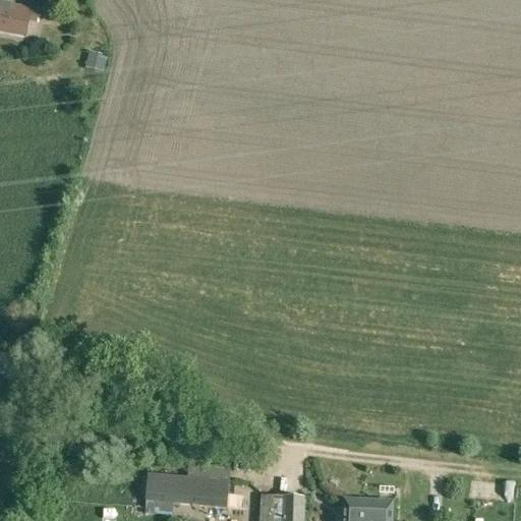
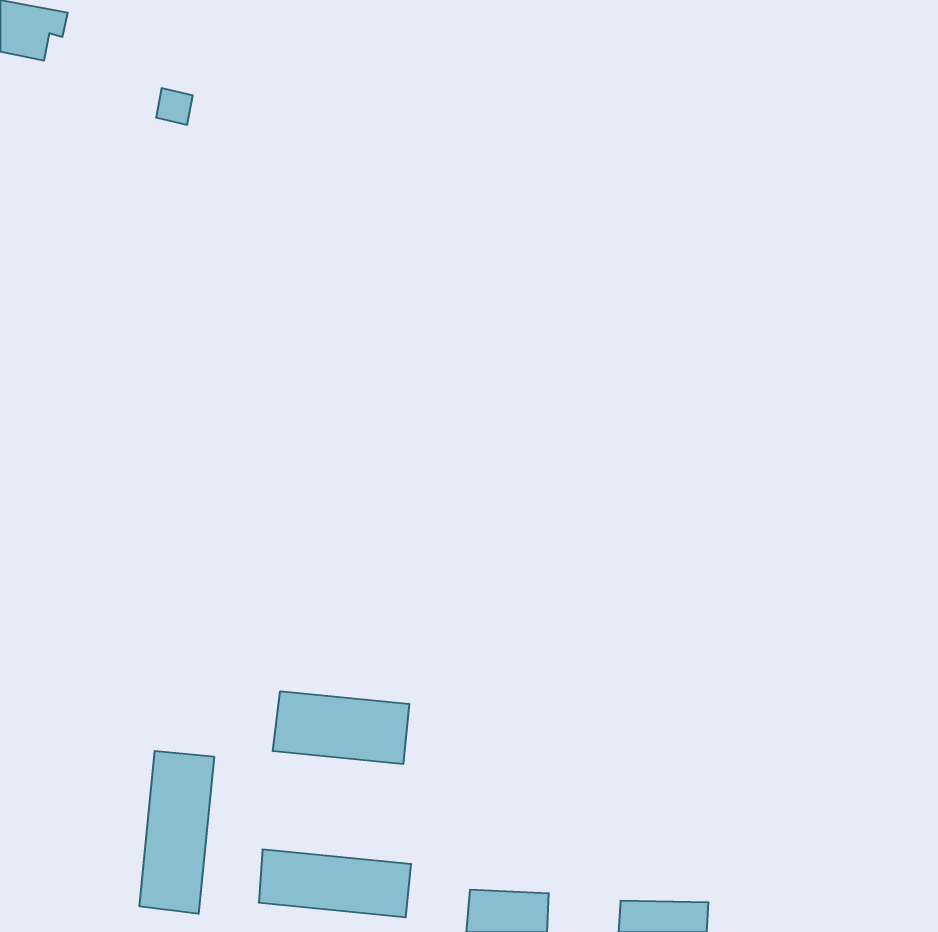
building: none -> [273,691,409,764]
building: none -> [140,751,214,914]

